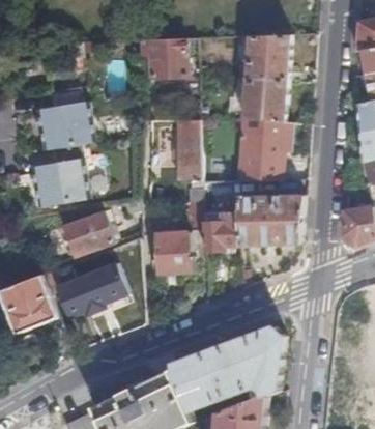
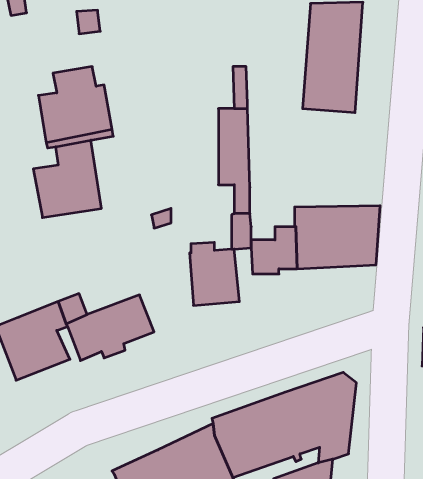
building: [140,38,197,77] -> none
building: [237,119,284,181] -> none
building: [63,210,113,256] -> none

